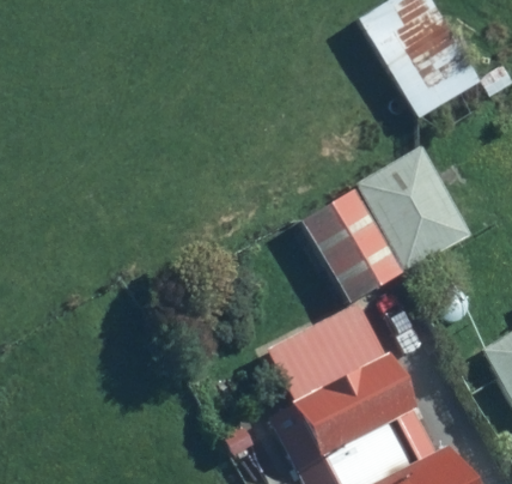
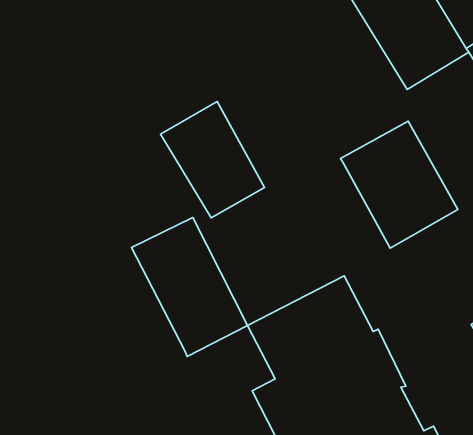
building: [300,188,403,303] -> [160,102,264,218]
building: none -> [132,218,247,356]

